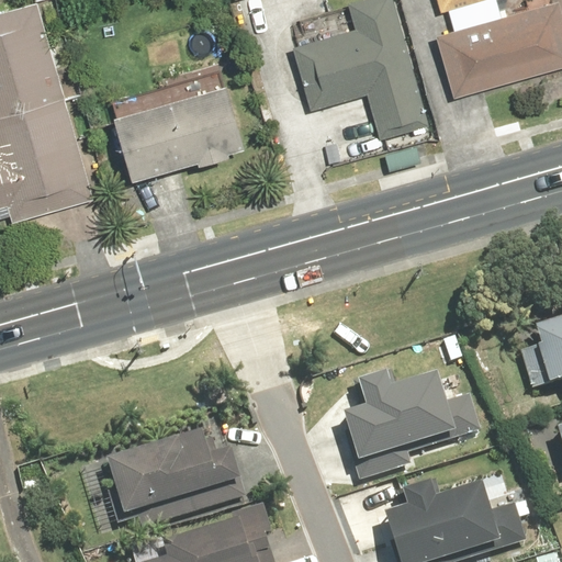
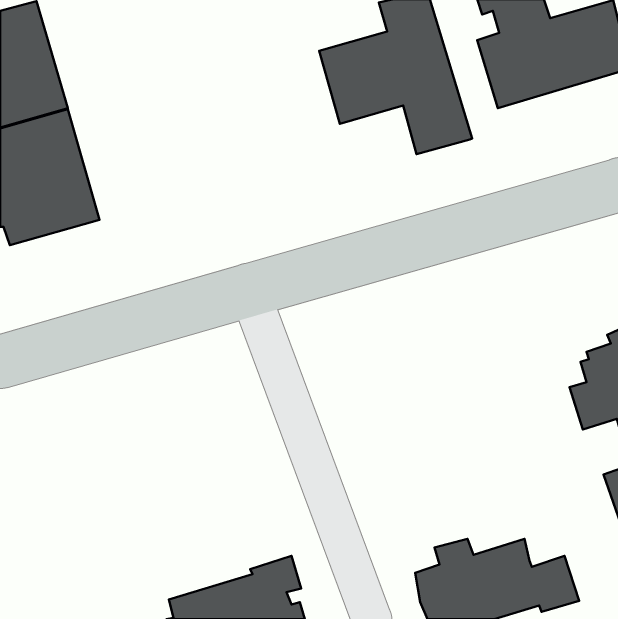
building: [108,85,239,183] -> none
building: [349,364,486,471] -> none
building: [99,432,248,533] -> none

